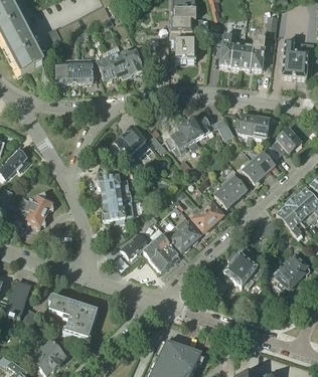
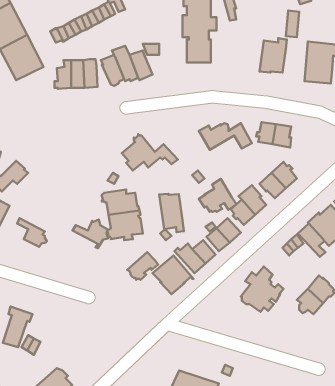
building: [219,26,245,67] -> none
building: [165,122,199,152] -> [199,179,236,212]
building: [264,127,301,158] -> none
building: none -> [159,194,184,232]
building: [21,191,53,217] -> [73,220,108,248]
building: [48,295,98,339] -> none

